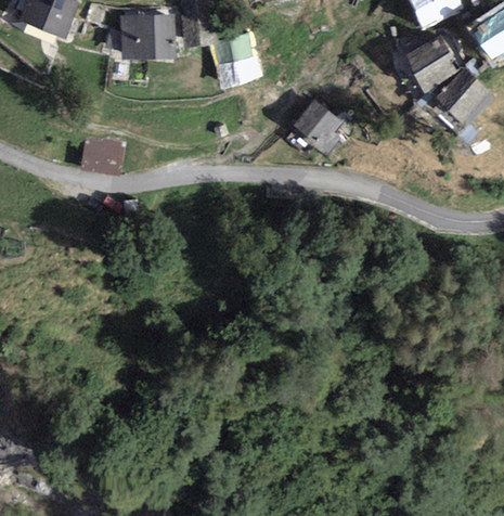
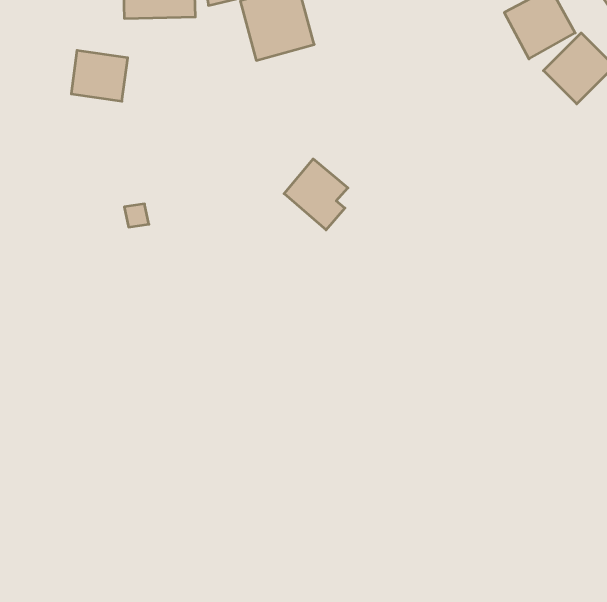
building: [293,100,340,153] -> [284,159,348,230]
building: [80,137,122,175] -> [71,50,128,101]

